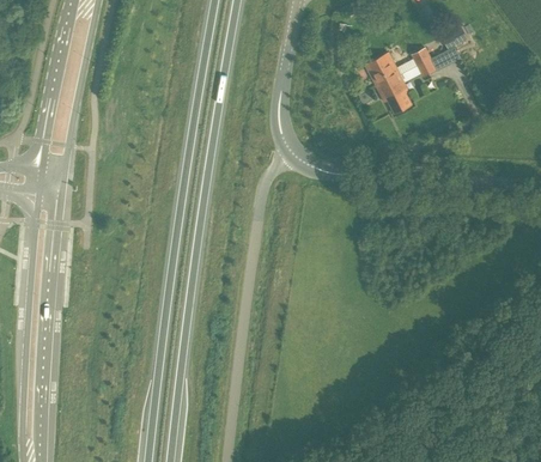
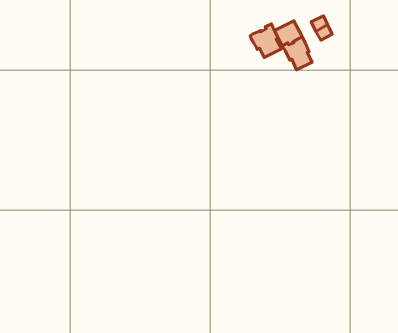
building: none -> [250,24,281,58]

